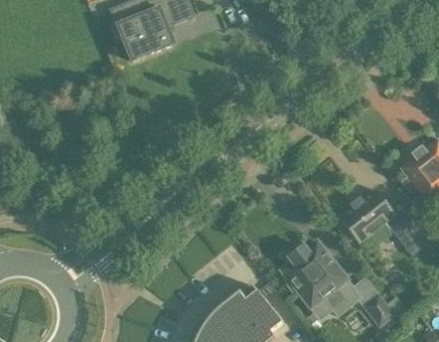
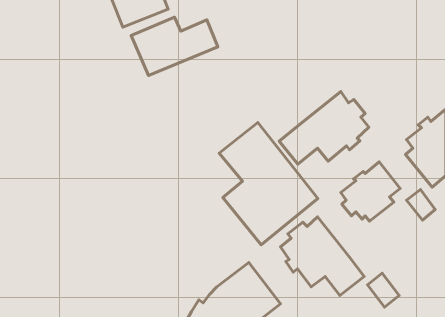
building: none -> [131,17,218,75]
building: none -> [279,92,369,164]
building: none -> [219,123,318,245]

